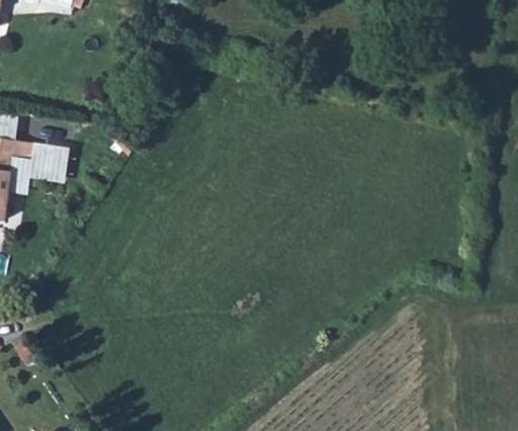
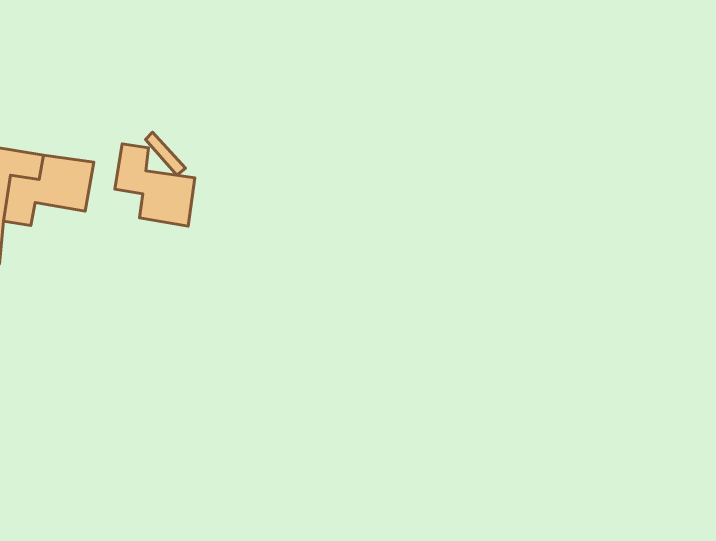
building: none -> [115,144,195,226]

